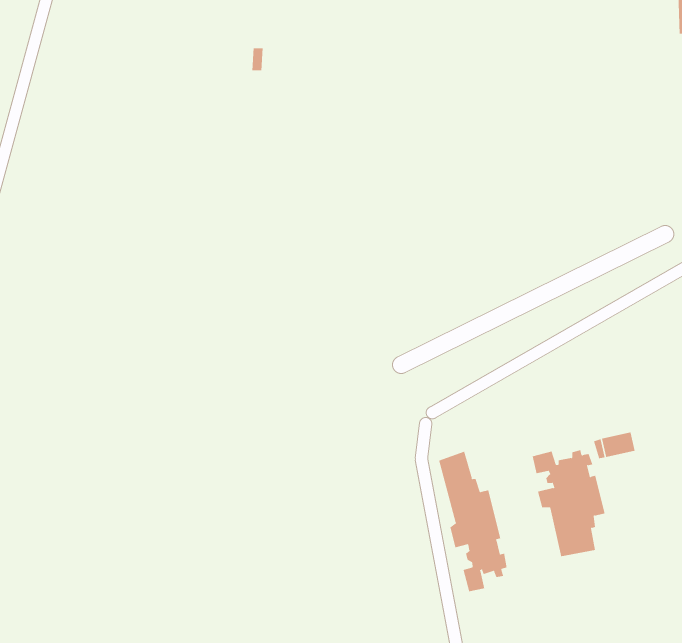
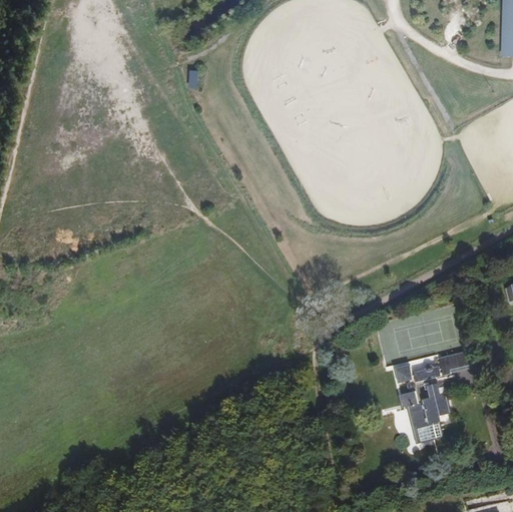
building: [438,451,507,592] -> none

